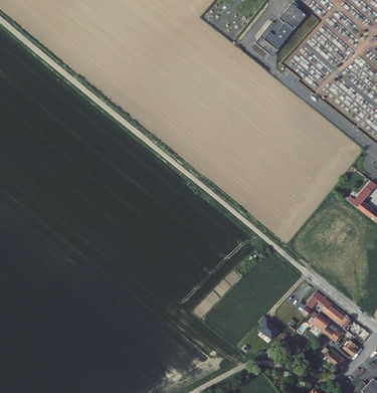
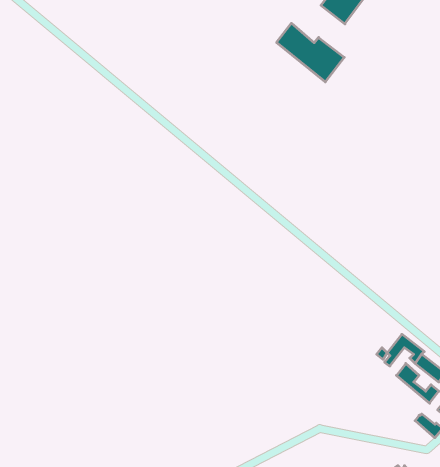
building: none -> [277,23,344,82]

